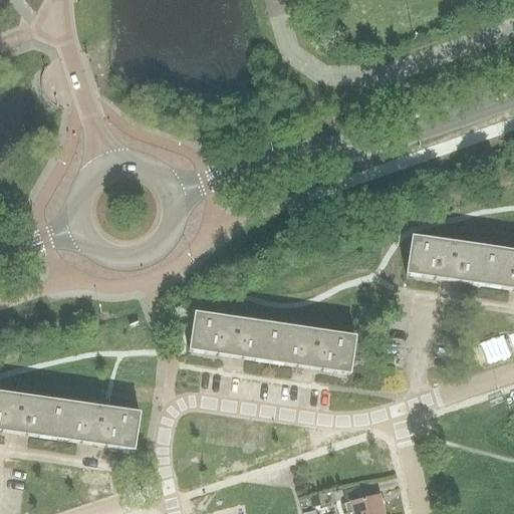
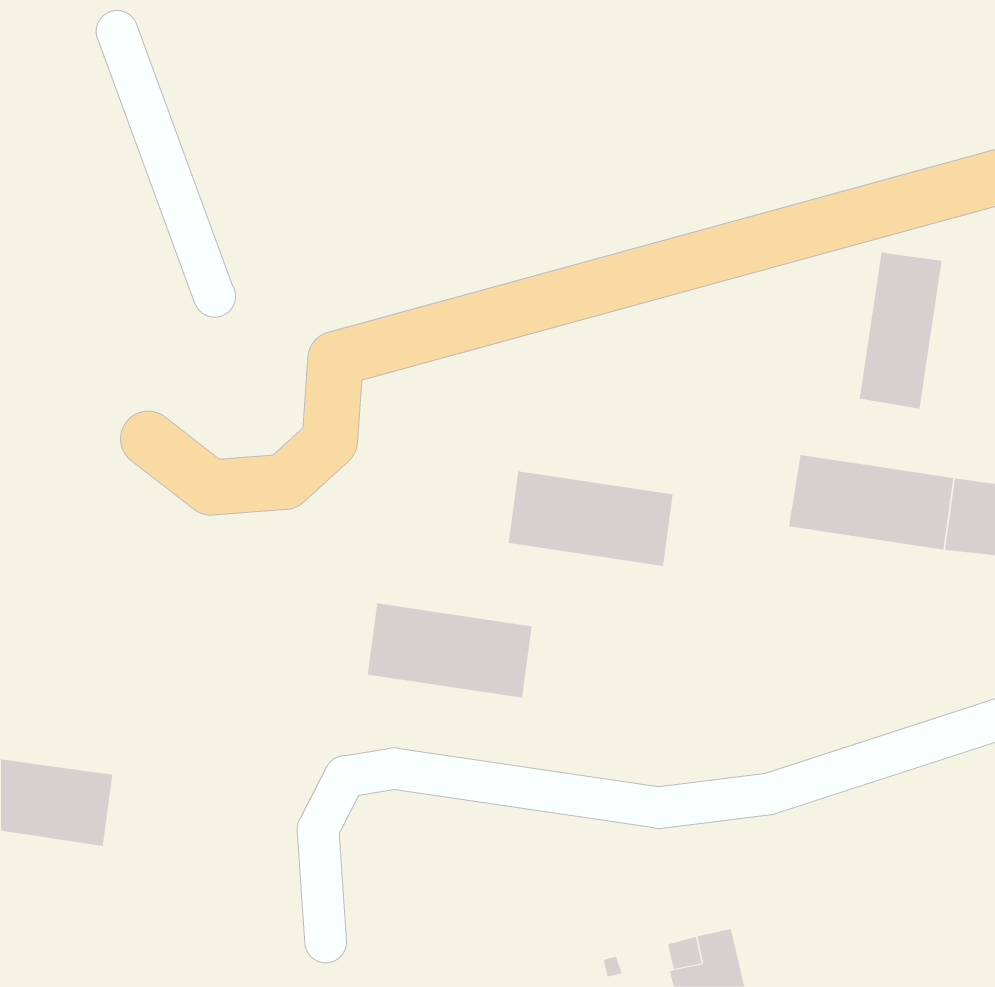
building: none -> [859,252,942,409]
building: [270,322,355,371] -> [508,471,674,566]
building: [54,399,140,447] -> none

